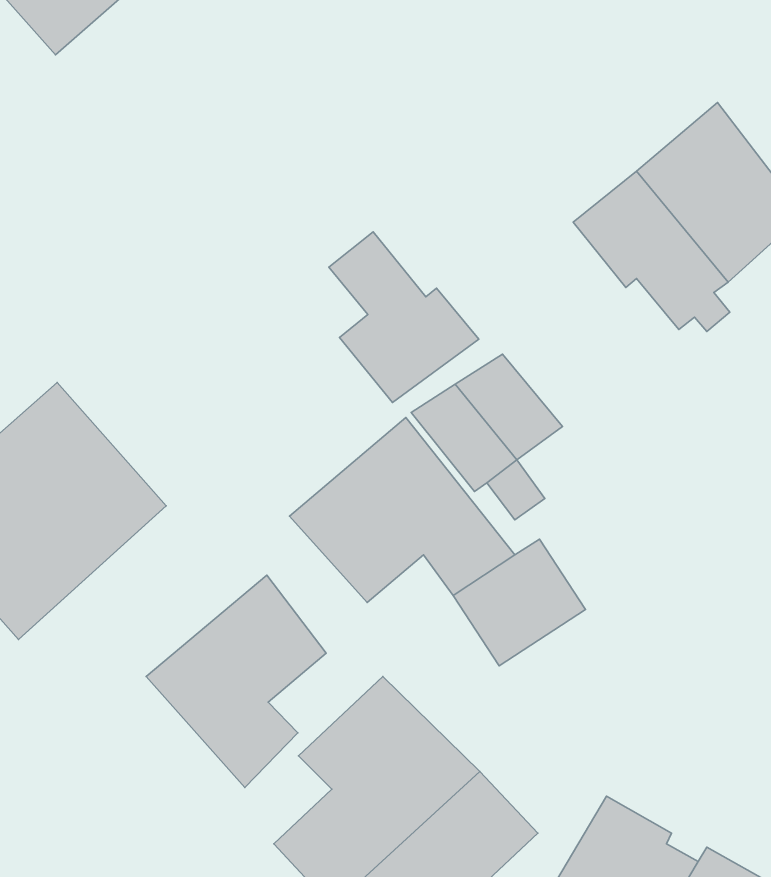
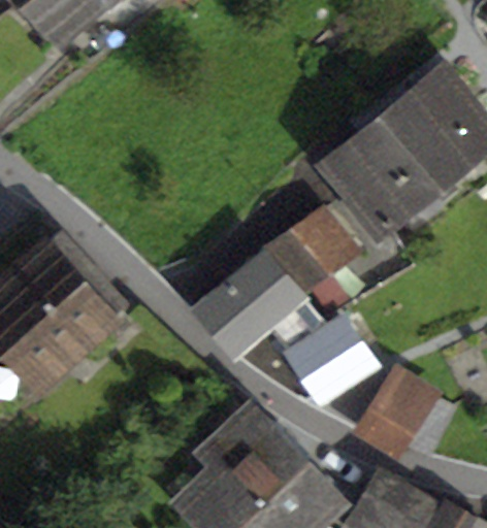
building: [329,232,479,403] -> [334,139,422,239]
building: [146,575,326,787] -> none
building: none -> [360,376,450,460]

